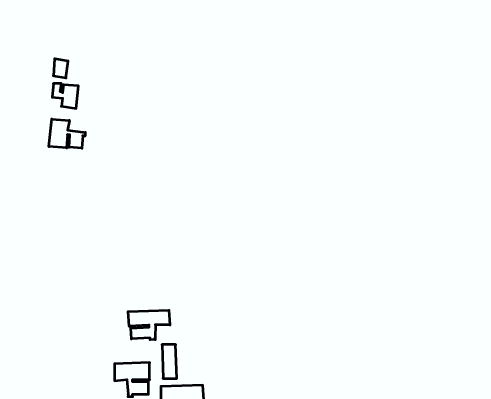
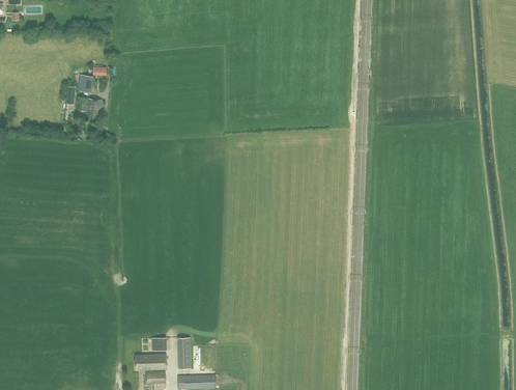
building: [49,119,85,148] -> none
building: [128,310,170,340] -> none

